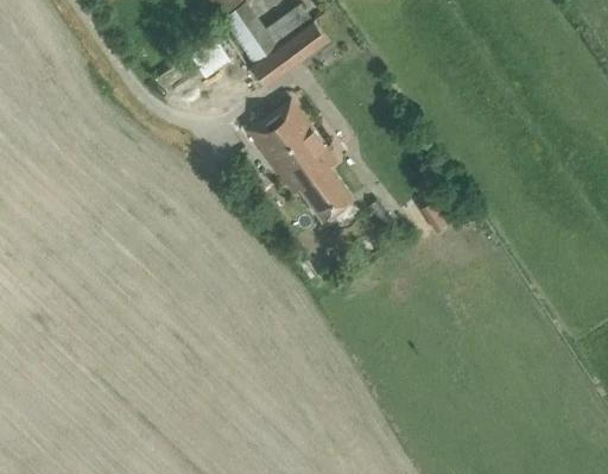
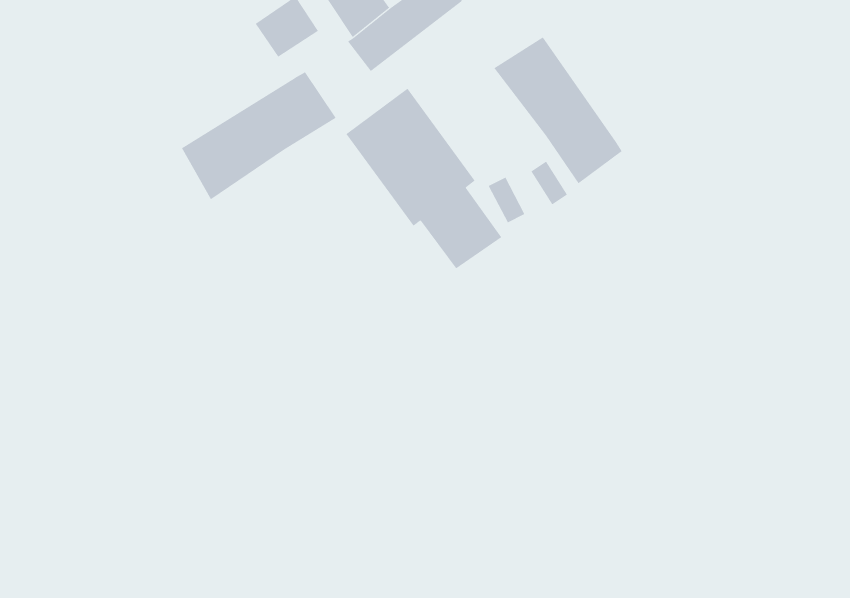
building: none -> [494,36,622,184]
building: none -> [181,72,337,200]

